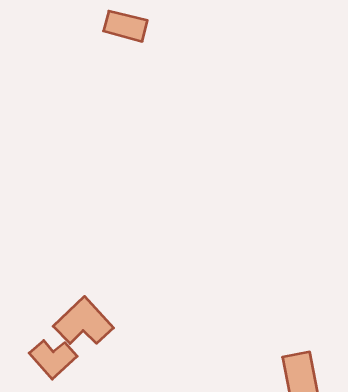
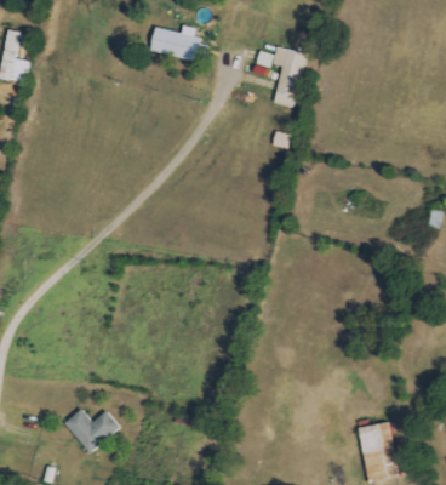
building: none -> [271,45,305,107]
building: [53,296,114,344] -> none

